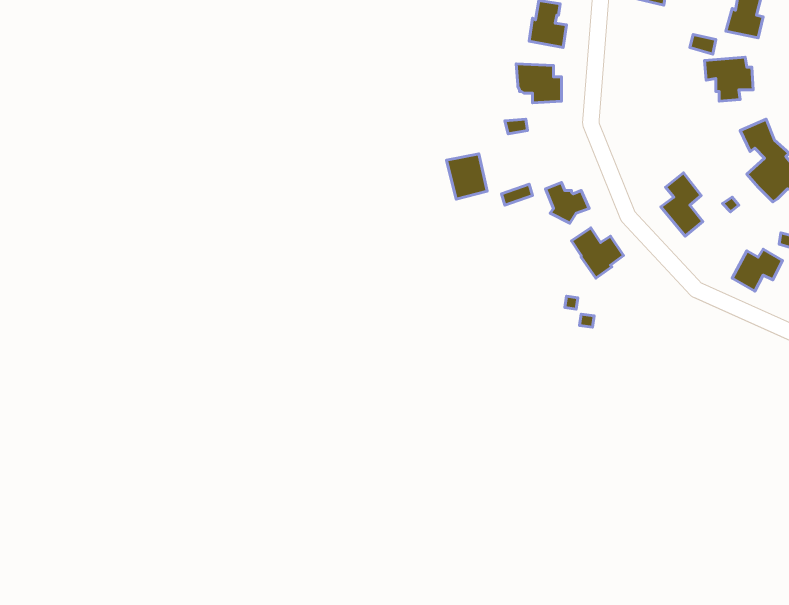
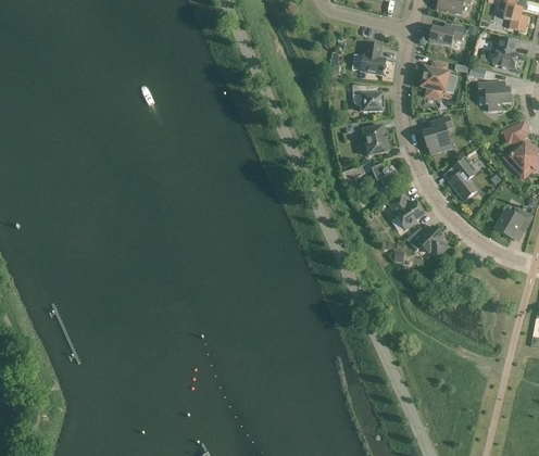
building: none -> [421,61,457,98]
building: none -> [423,115,452,153]
building: [446,154,487,199] -> [362,125,389,155]
building: none -> [406,225,448,256]

